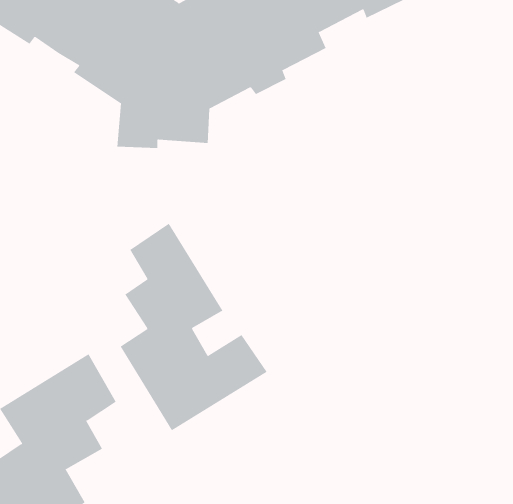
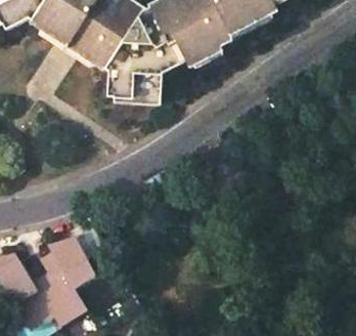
building: [120,223,268,431] -> none

